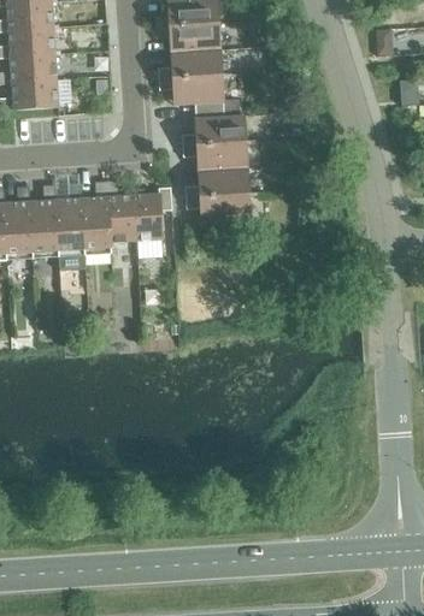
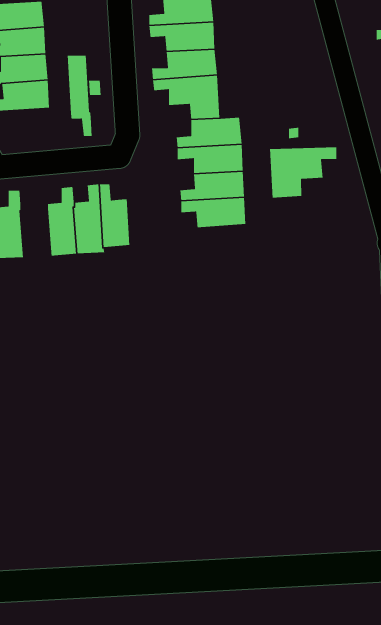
building: none -> [67,55,93,137]
building: none -> [269,147,337,199]
building: [29,184,59,253] -> none
building: [131,188,171,241] -> none

